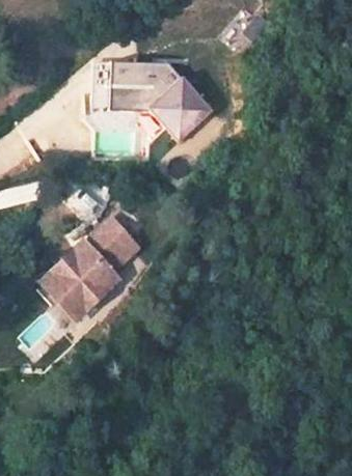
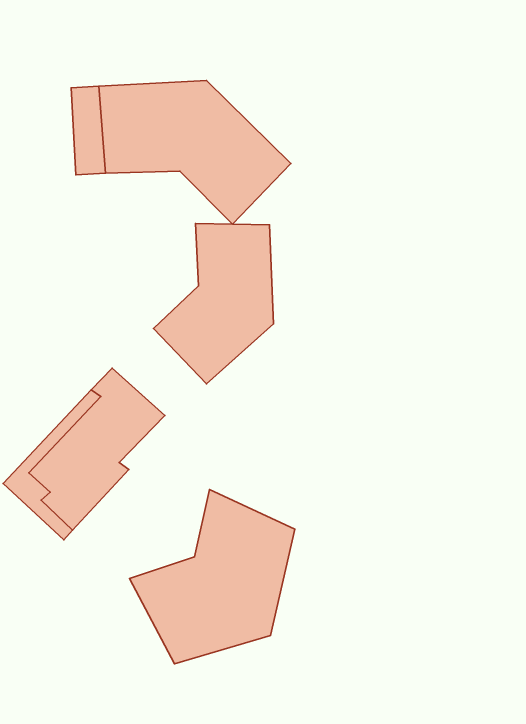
building: none -> [153,223,274,384]
building: none -> [129,489,295,664]

